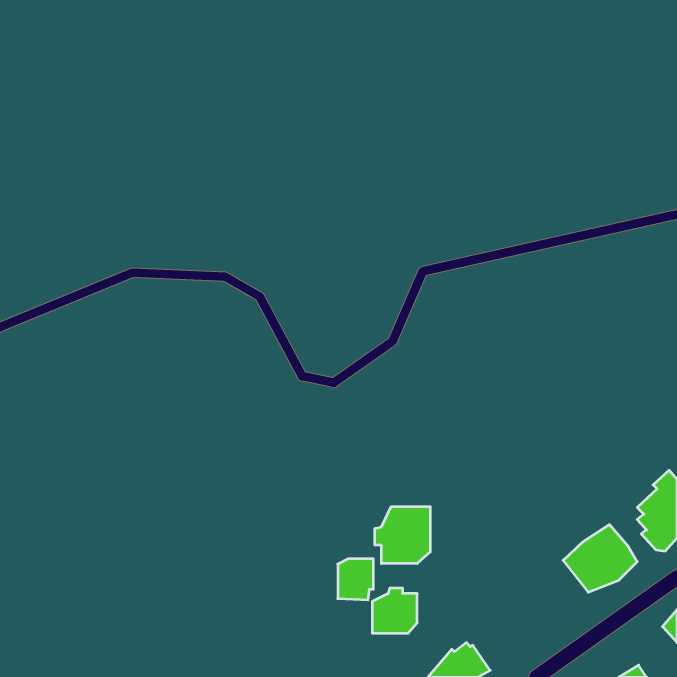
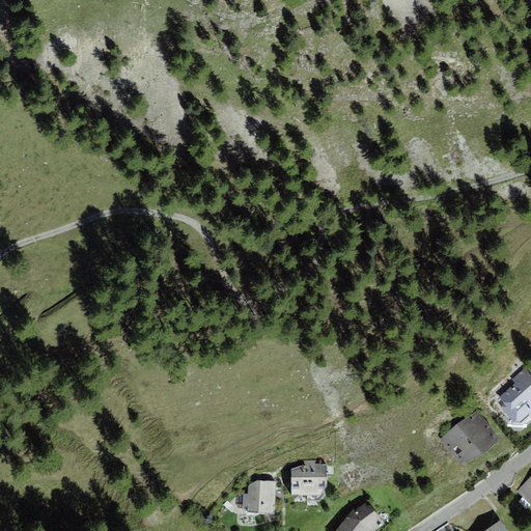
building: [375,507,430,564] -> none
building: [338,559,373,600] -> [248,481,276,513]

